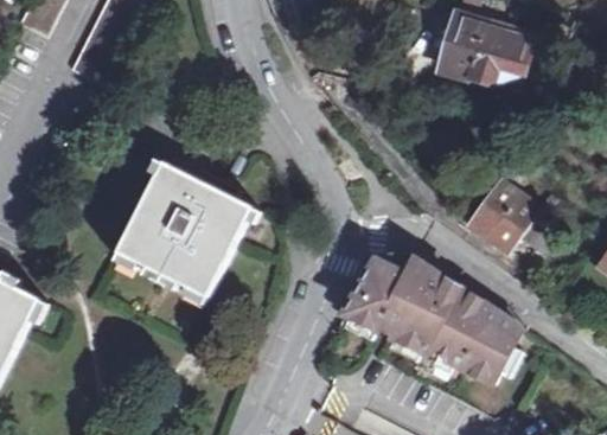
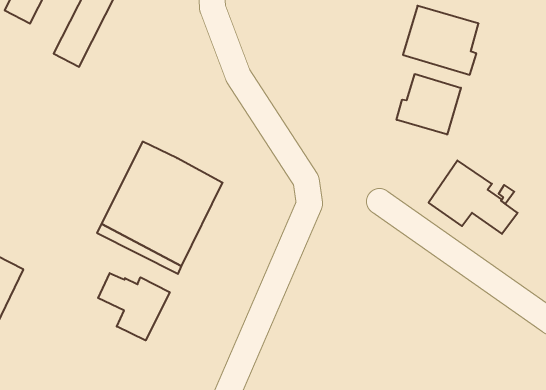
building: none -> [397,74,461,135]
building: [344,254,522,382] -> none
building: none -> [98,273,170,340]

